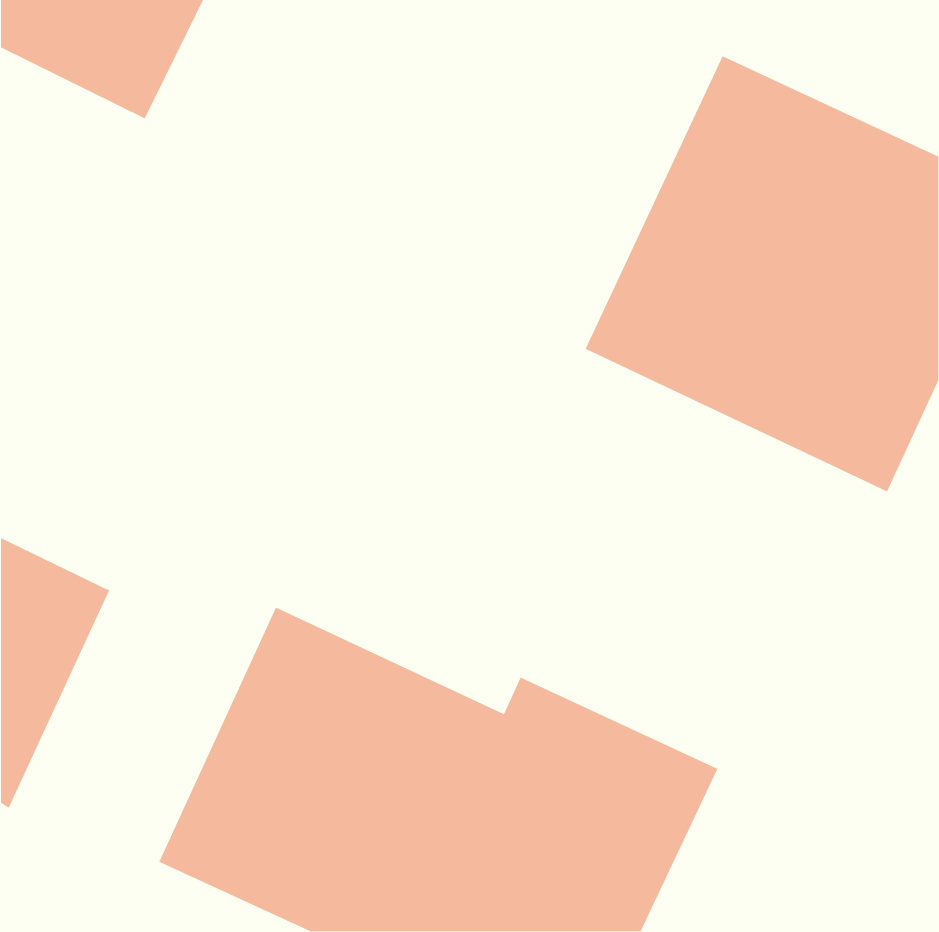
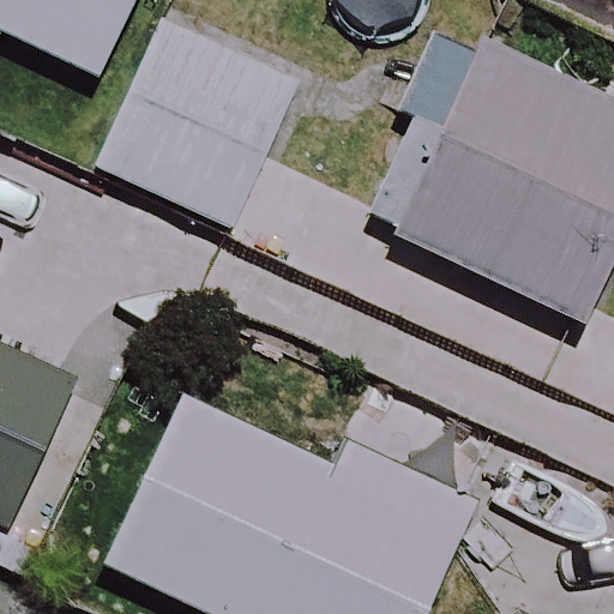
building: none -> [94,8,307,229]

